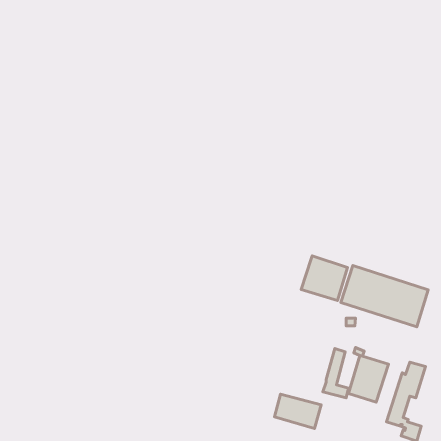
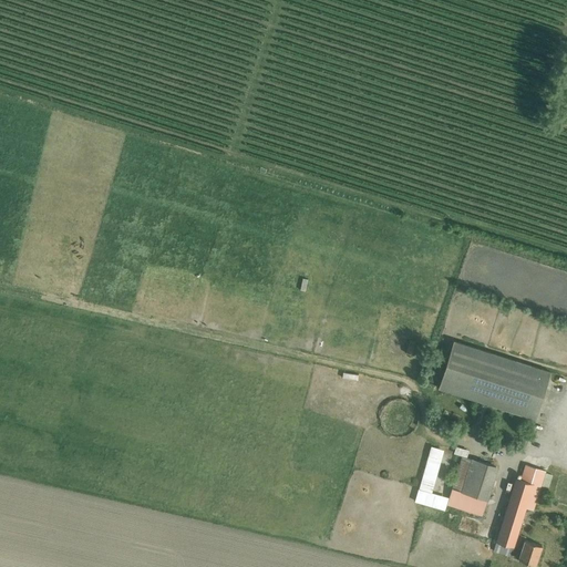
building: [301,256,348,300] -> none
building: [274,394,321,428] -> none

